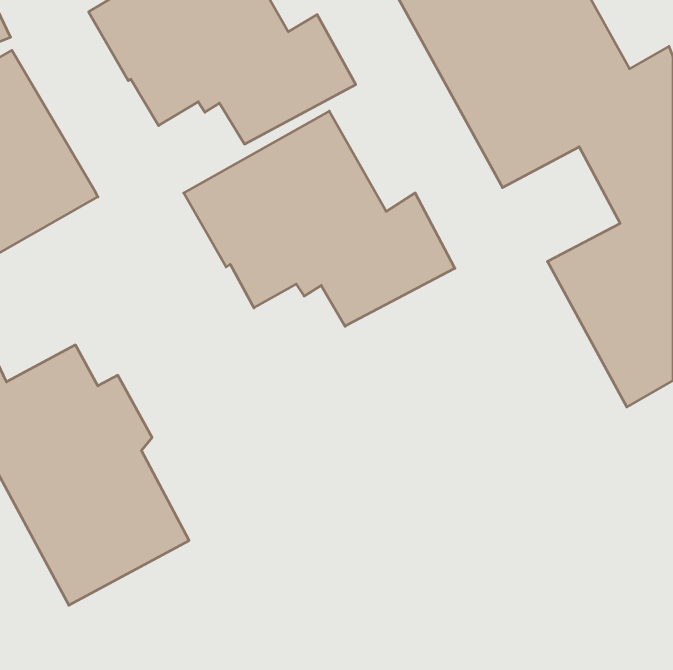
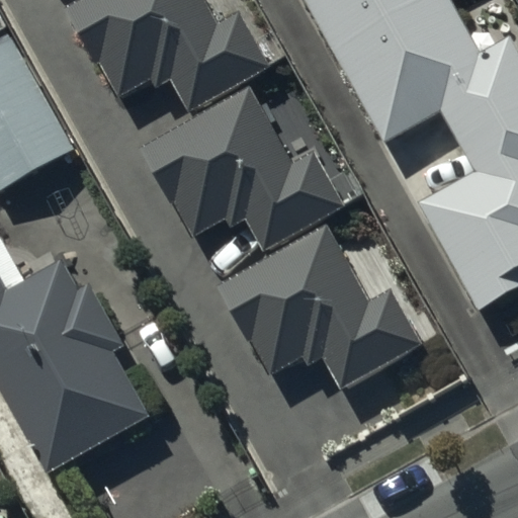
building: none -> [220,222,423,387]

